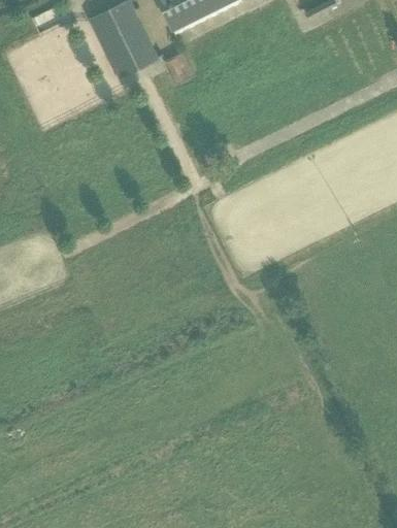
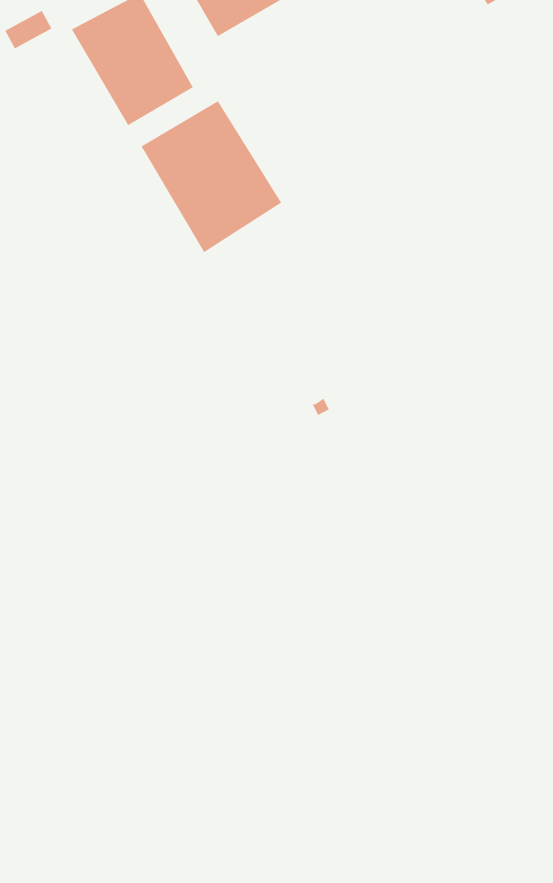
building: none -> [141,100,282,253]

